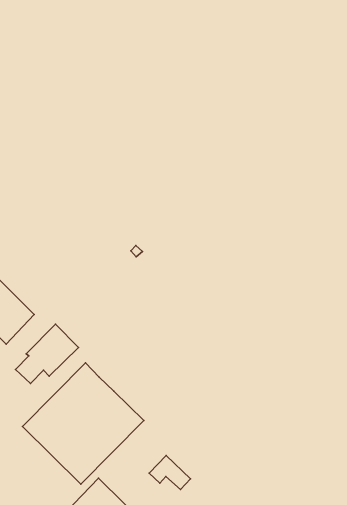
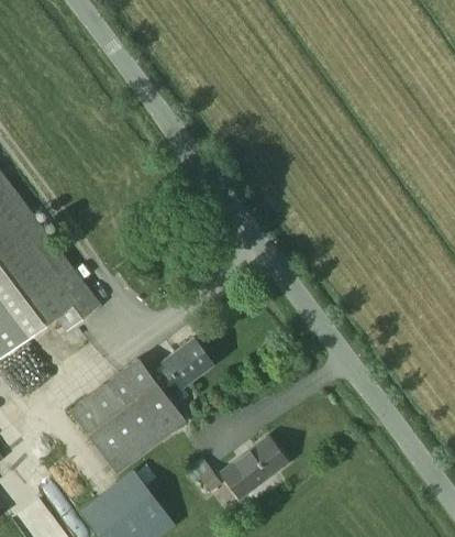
building: [16,324,79,383] -> [149,337,212,390]
building: none -> [220,435,288,498]

